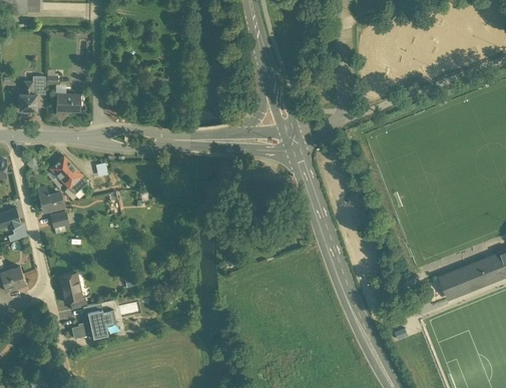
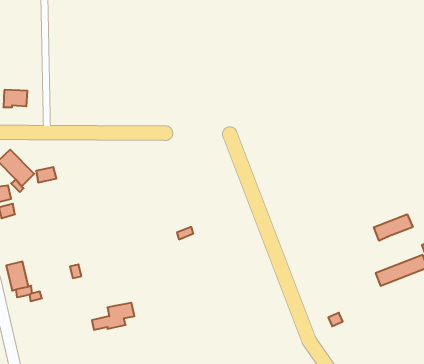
building: none -> [374,214,413,241]
building: [71,310,115,338] -> [92,303,134,330]

